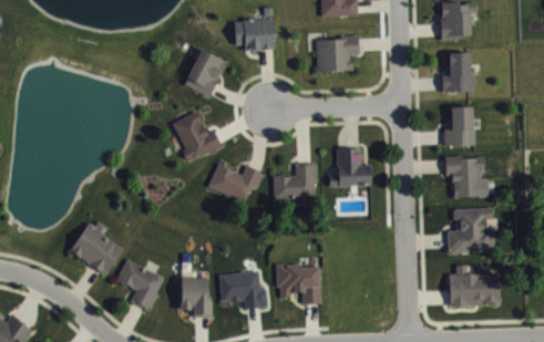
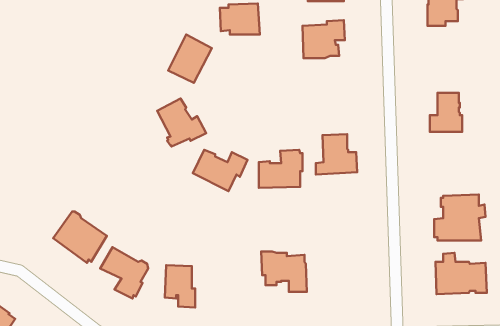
building: [441,52,473,92] -> none
building: [444,156,483,197] -> none
building: [218,271,267,309] -> none

